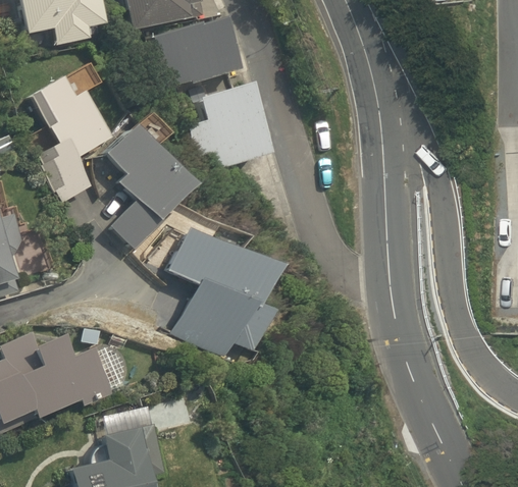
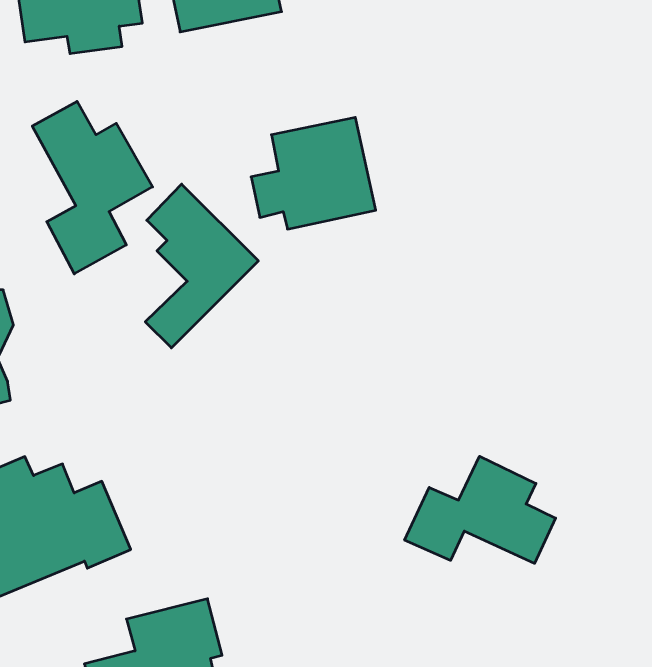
building: [153,16,240,91] -> none
building: [169,227,284,355] -> none
building: none -> [405,456,556,563]

